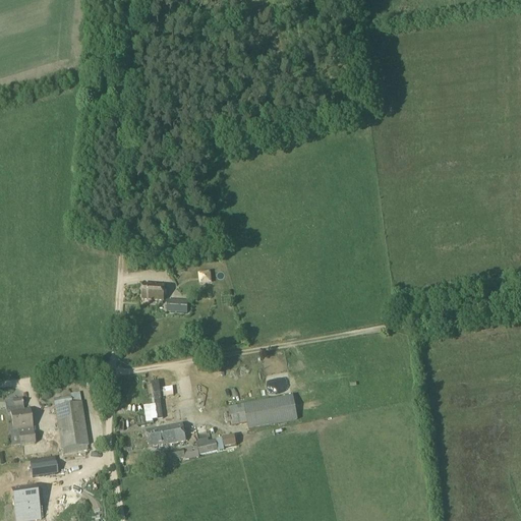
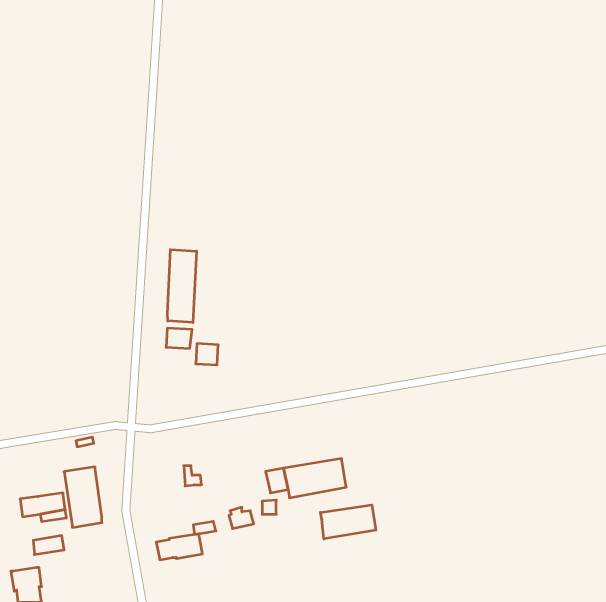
building: none -> [167,250,197,323]
building: [10,396,33,428] -> none
building: [147,422,186,445] -> [156,534,202,560]
building: none -> [320,505,376,539]

